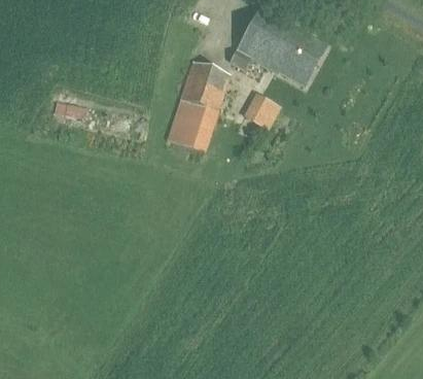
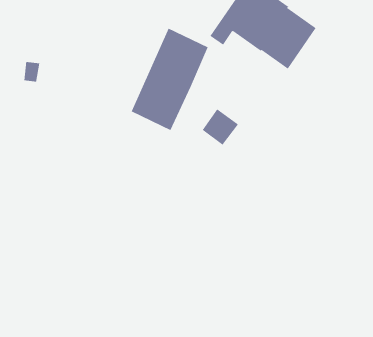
building: [246,95,279,128] -> [202,109,239,146]

